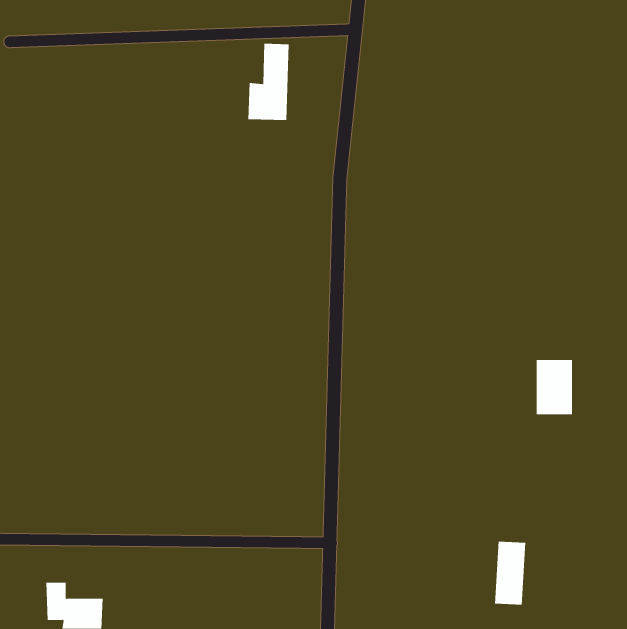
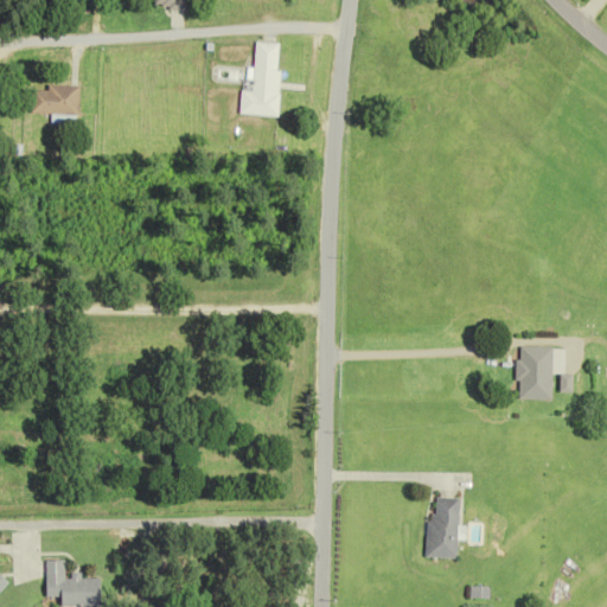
building: none -> [33,85,79,115]
building: [494,541,526,605] -> [429,497,460,558]

